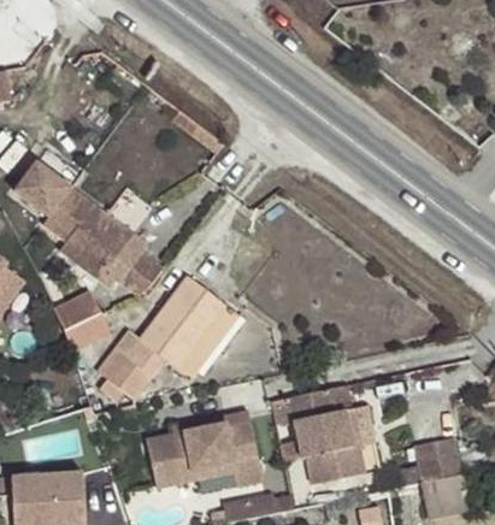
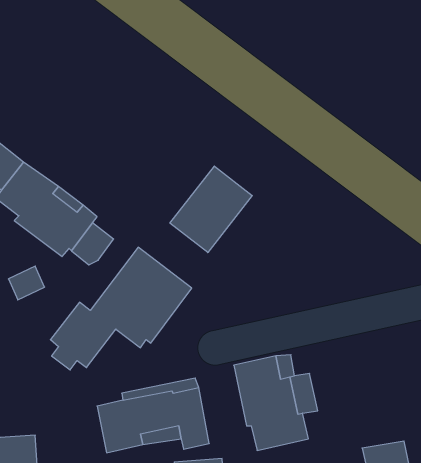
building: none -> [170,166,252,253]
building: [412,440,462,483] -> none

